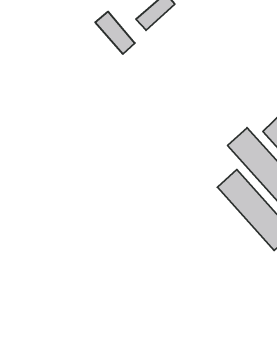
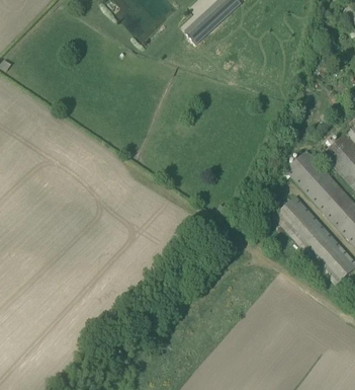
building: [95,12,135,54] -> none

